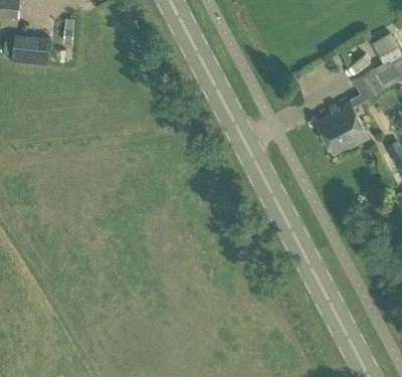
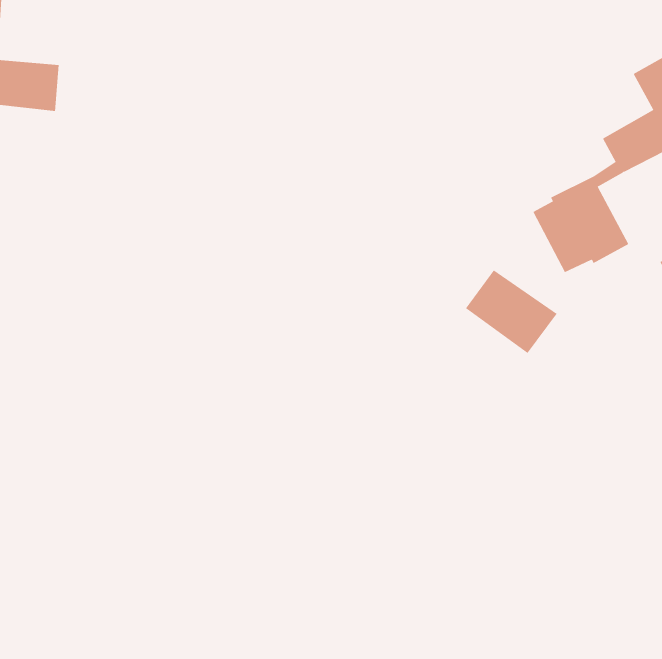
building: none -> [465,270,557,354]

